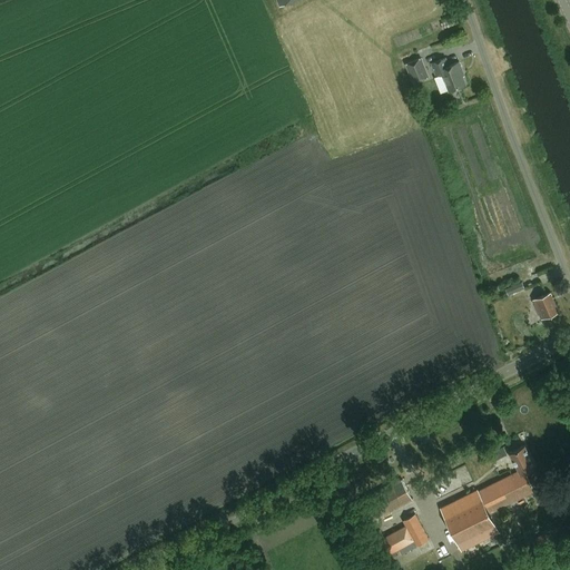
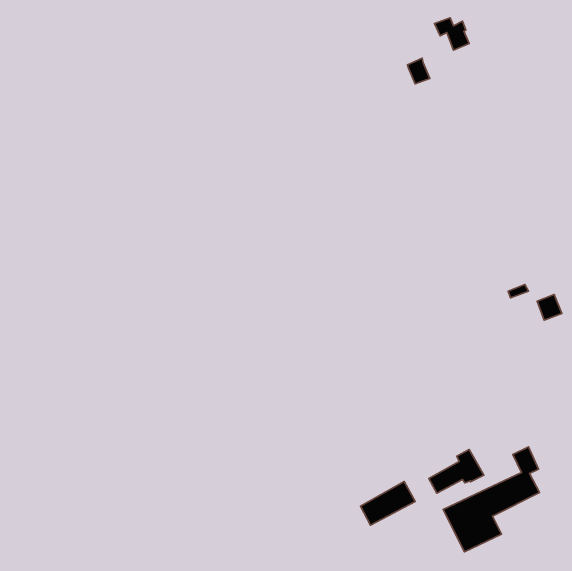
building: [430,61,464,94] -> [435,18,469,50]
building: [375,515,430,559] -> [429,449,484,493]

